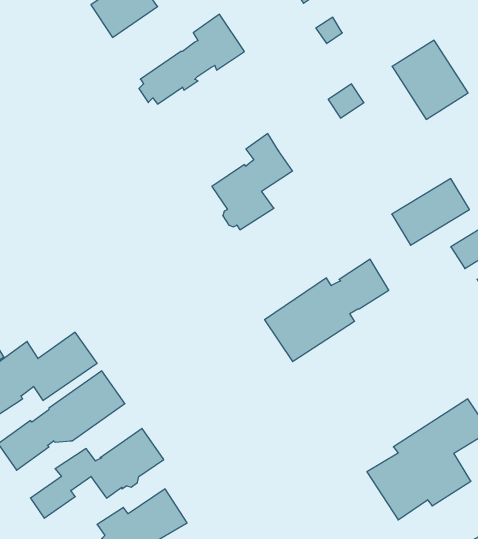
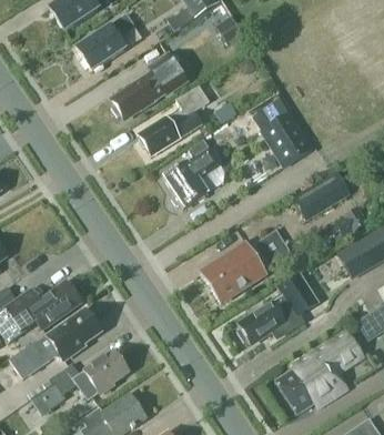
building: [392,40,468,119] -> [260,111,314,168]
building: none -> [138,84,210,155]
building: none -> [238,284,311,343]

